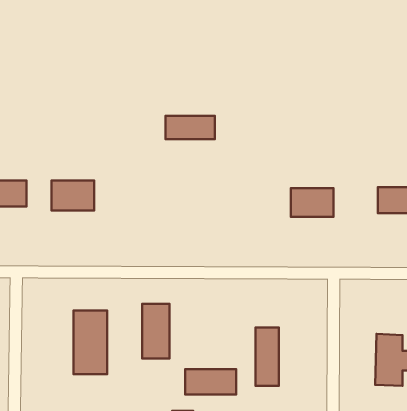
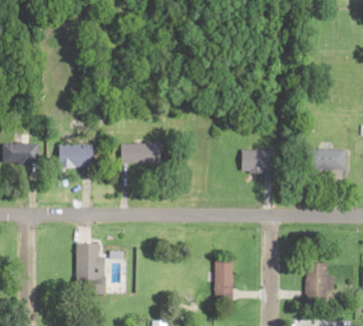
building: [165,116,215,139] -> [120,143,158,161]
building: [142,304,169,358] -> none
building: [185,369,236,394] -> none

